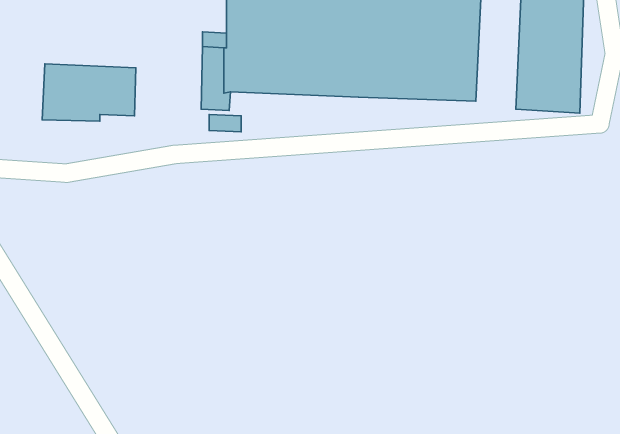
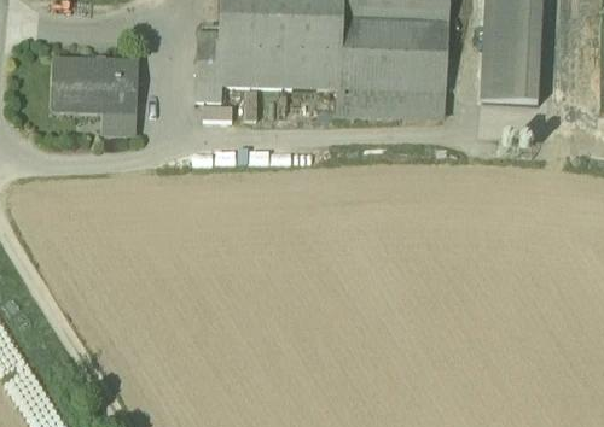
building: none -> [337,89,445,117]
building: none -> [104,105,135,134]

